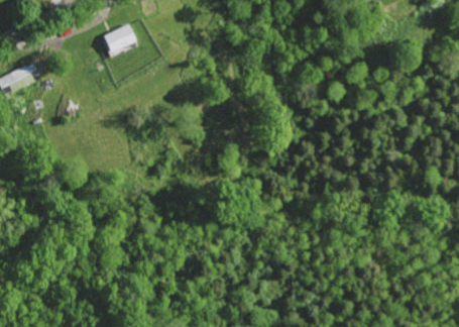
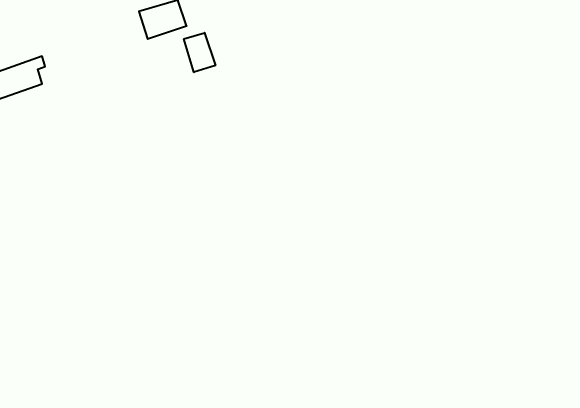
building: none -> [184,33,215,72]

